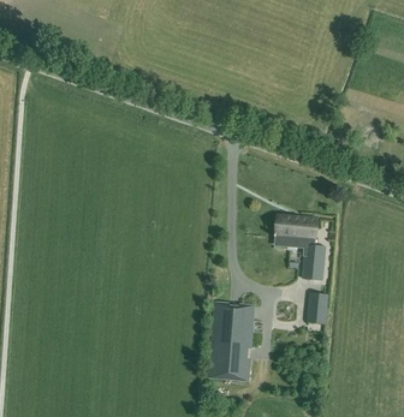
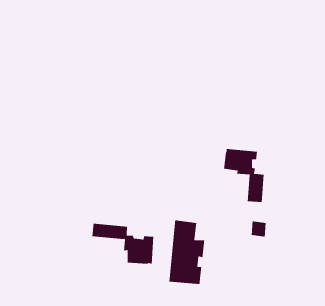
building: none -> [92,223,154,265]

